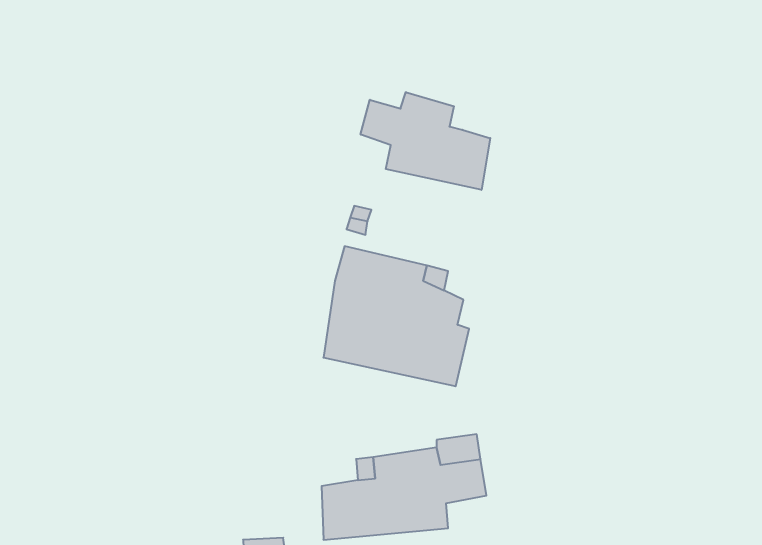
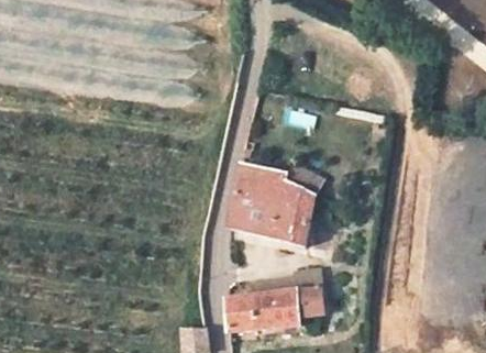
building: [361,92,490,190] -> none

